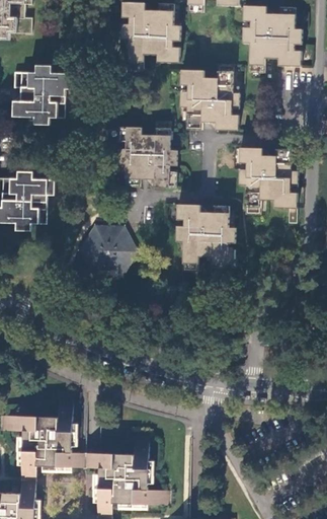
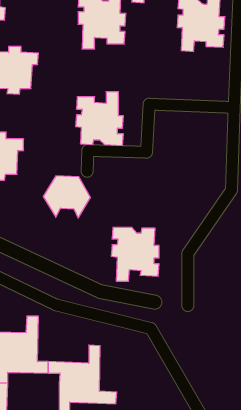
building: [180,64,239,131] -> none
building: [238,147,296,214] -> none
building: [175,205,234,271] -> [111,227,159,281]

